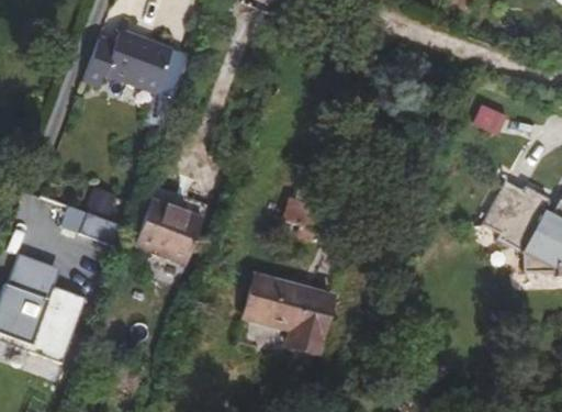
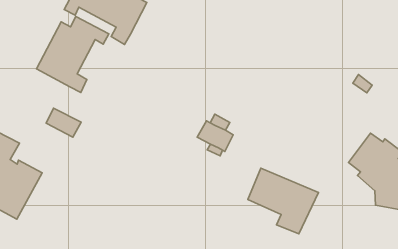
building: none -> [36,17,109,92]
building: [134,200,203,265] -> none
building: [243,276,333,354] -> [248,168,318,234]

